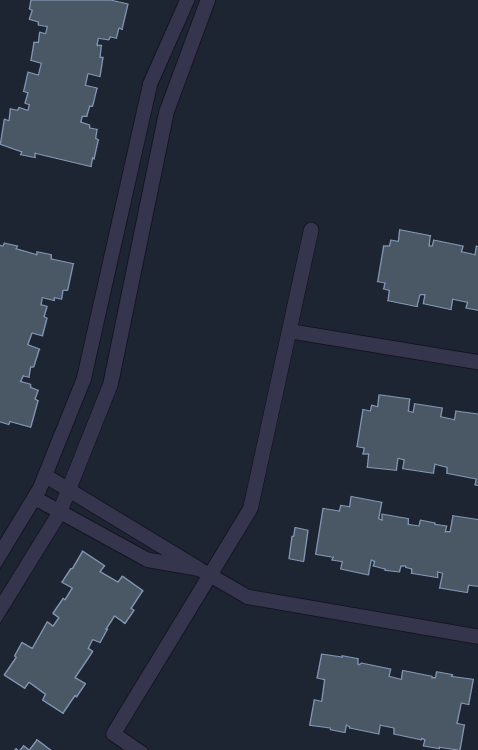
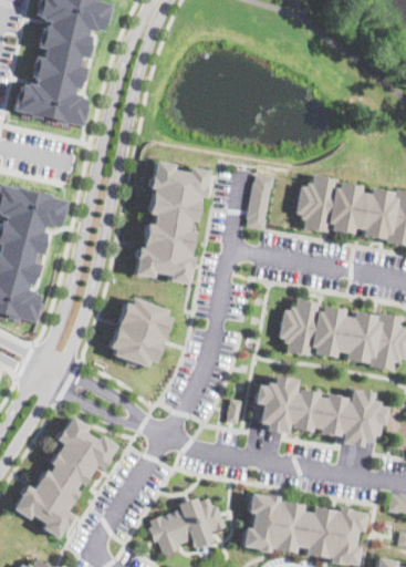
building: none -> [137,162,209,284]
building: none -> [248,175,275,230]
building: none -> [112,298,174,367]
building: none -> [154,497,230,554]

